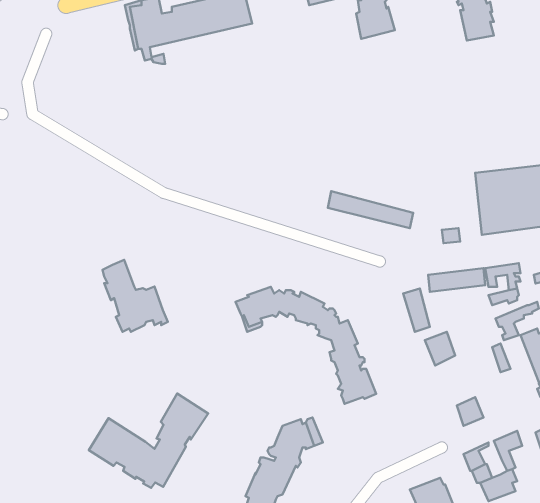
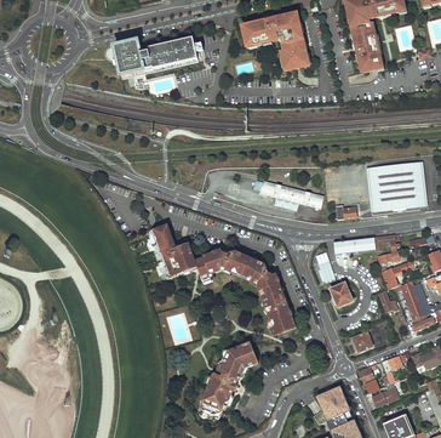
building: [102,260,168,332] -> [150,224,197,277]
building: [89,394,208,488] -> none

